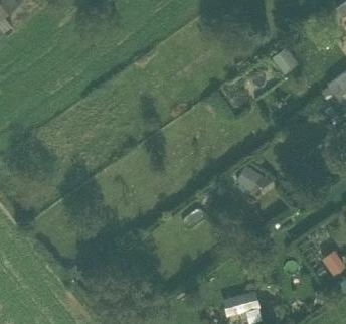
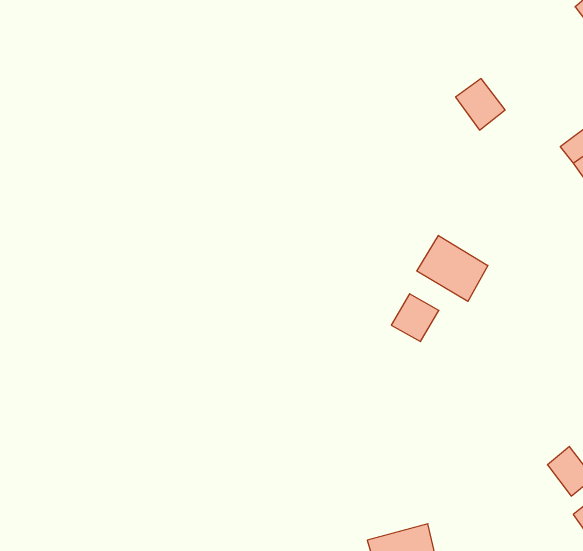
building: none -> [417,235,488,301]

